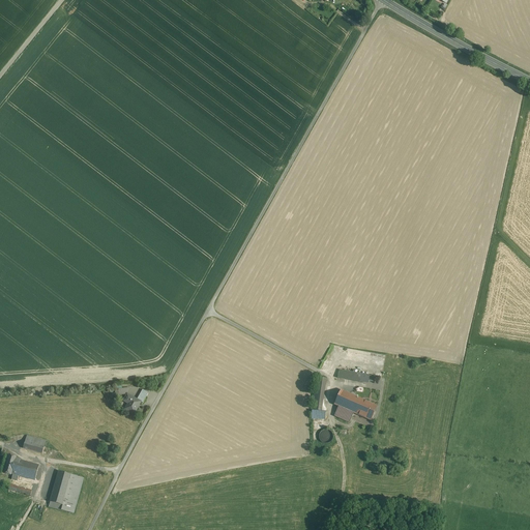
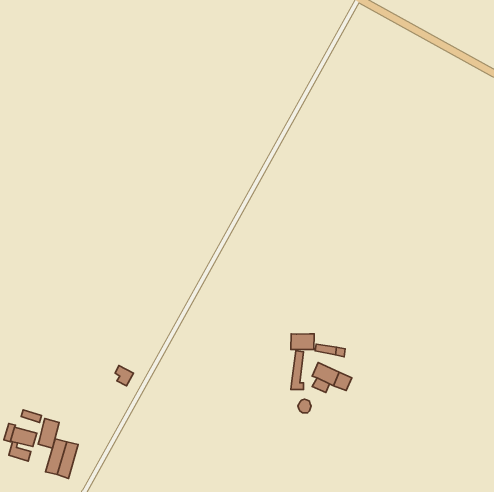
building: none -> [291,334,314,349]
building: none -> [38,419,59,448]

